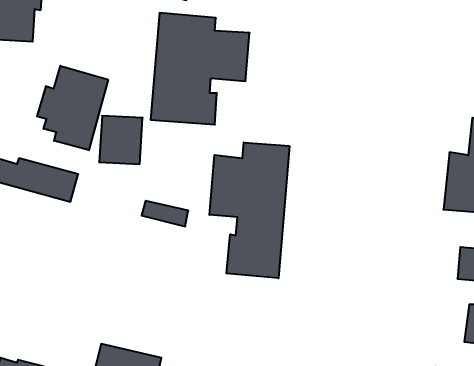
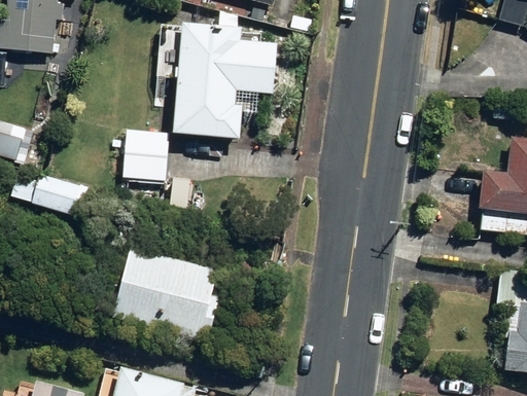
building: [37,66,108,150] -> none
building: [209,142,289,278] -> none
building: none -> [114,249,220,343]

